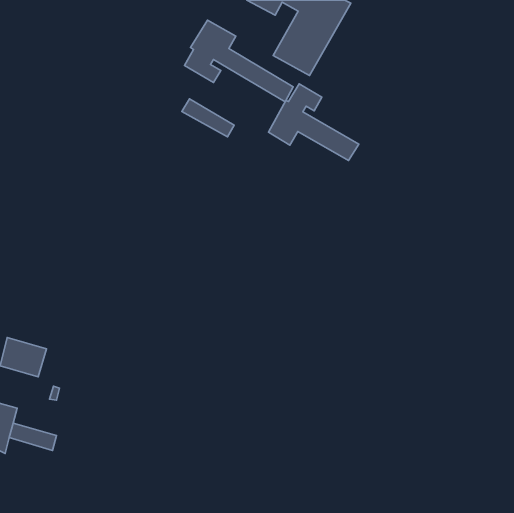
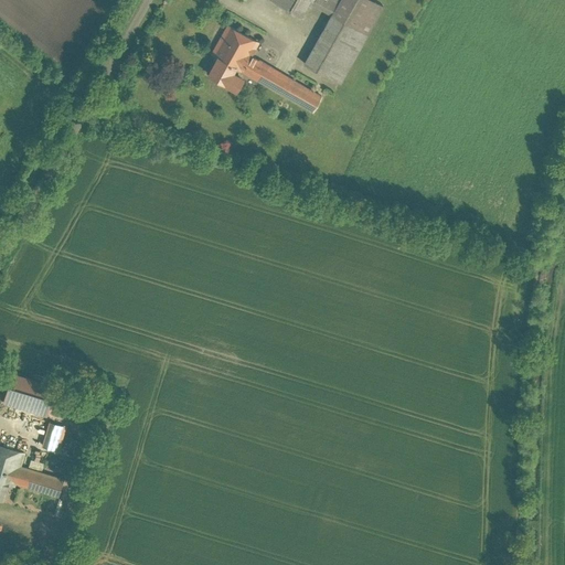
building: [268,84,359,161] -> none
building: [182,99,234,137] -> none

